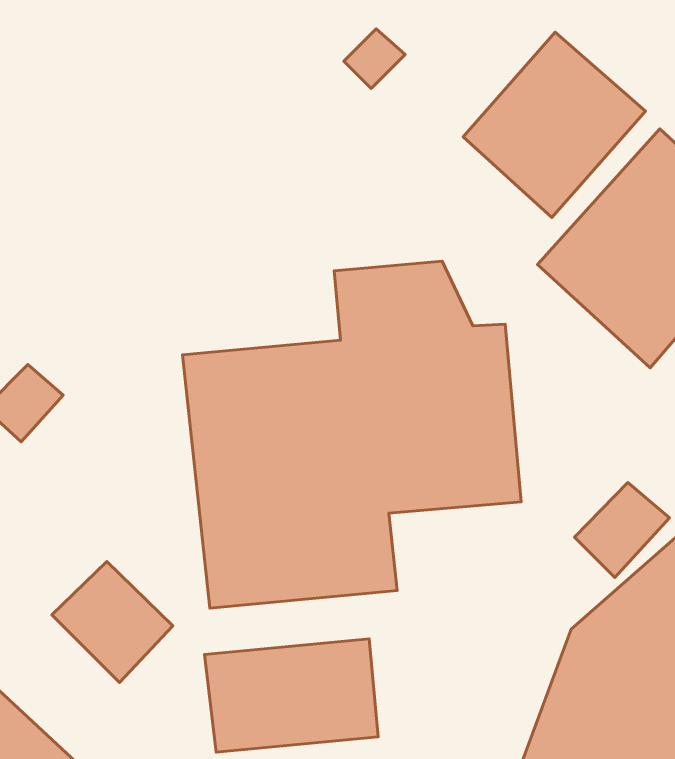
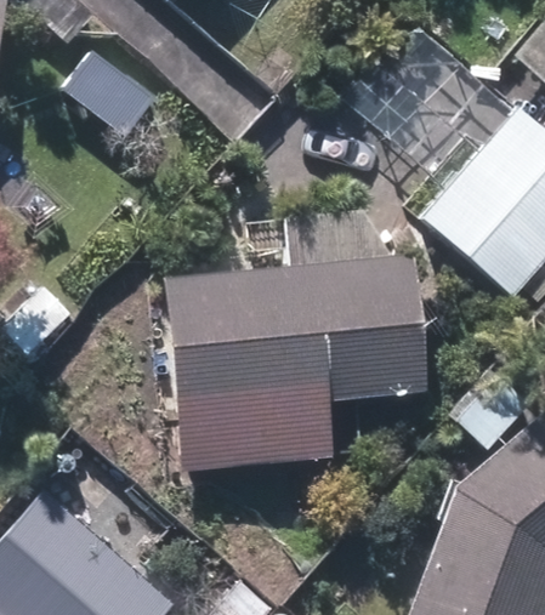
building: [205,639,378,752] -> none

